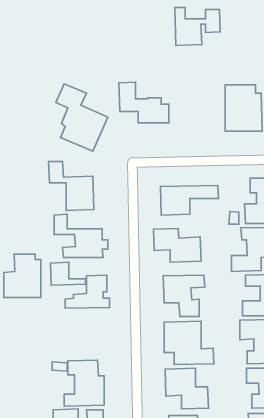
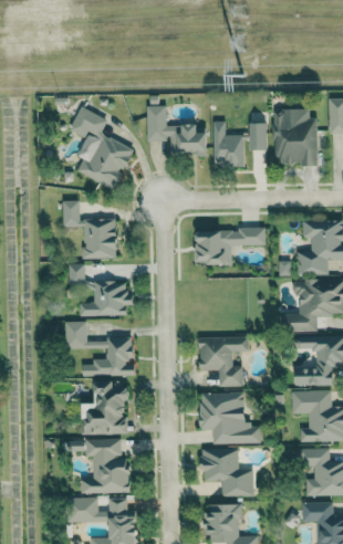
building: [175,8,220,46] -> [212,122,267,167]
building: [154,229,201,262] -> none
building: [4,254,41,298] -> [82,383,126,435]

